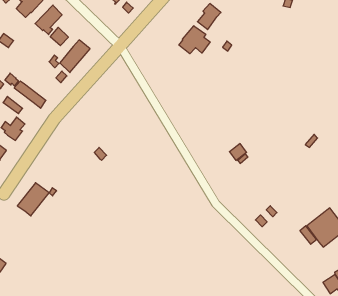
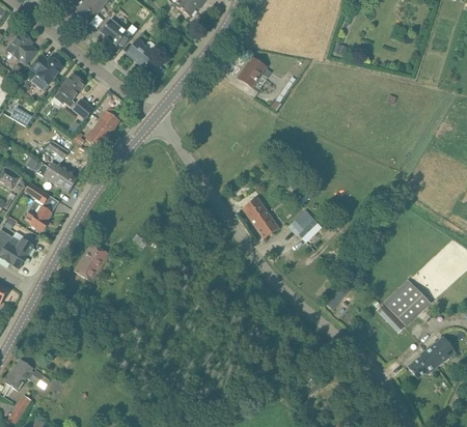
building: [179,26,210,54] -> none
building: none -> [48,140,79,182]
building: none -> [242,196,279,237]
building: [17,183,49,216] -> [74,241,109,280]

